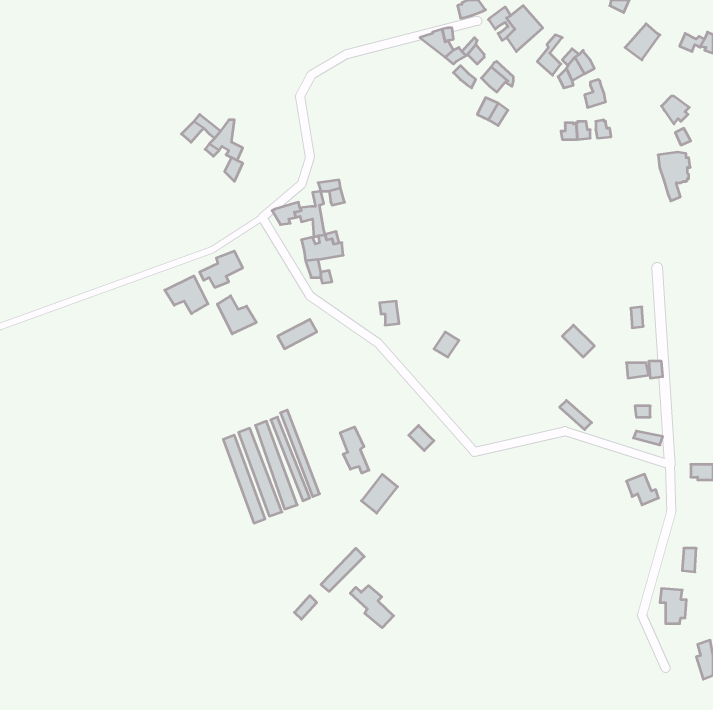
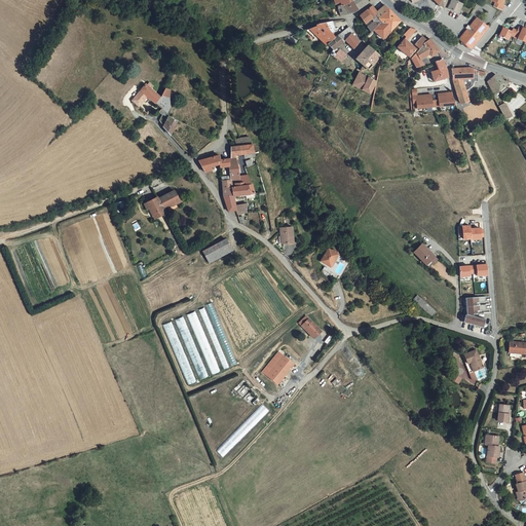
building: [658,152,690,201] -> [452,65,476,101]
building: [165,276,208,314] -> none
building: [217,296,256,334] -> none
building: [340,427,369,473] -> none
building: [350,586,394,628] -> none

